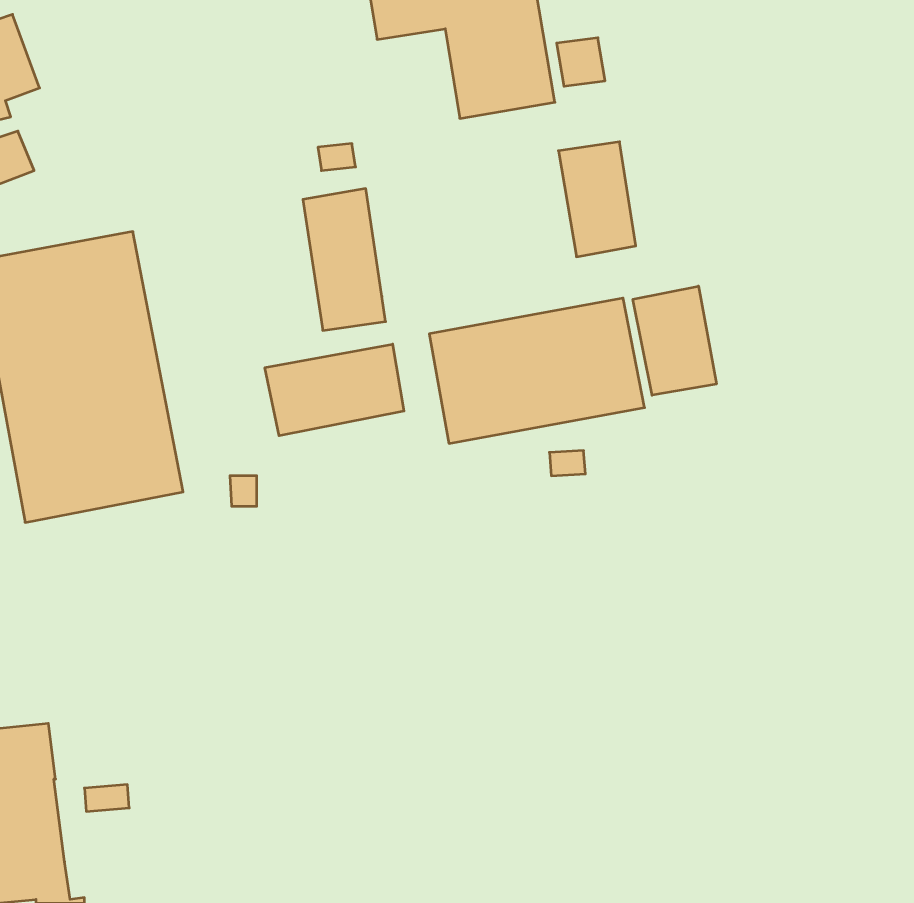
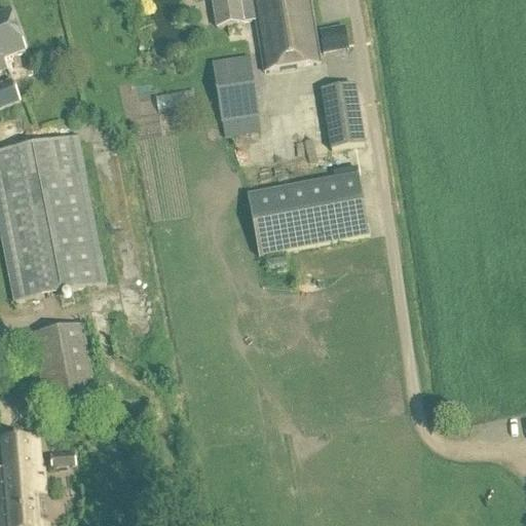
building: [303,189,386,330] -> [213,52,260,134]
building: [633,286,716,395] -> none
building: [265,344,404,436] -> none
building: none -> [31,322,97,405]

